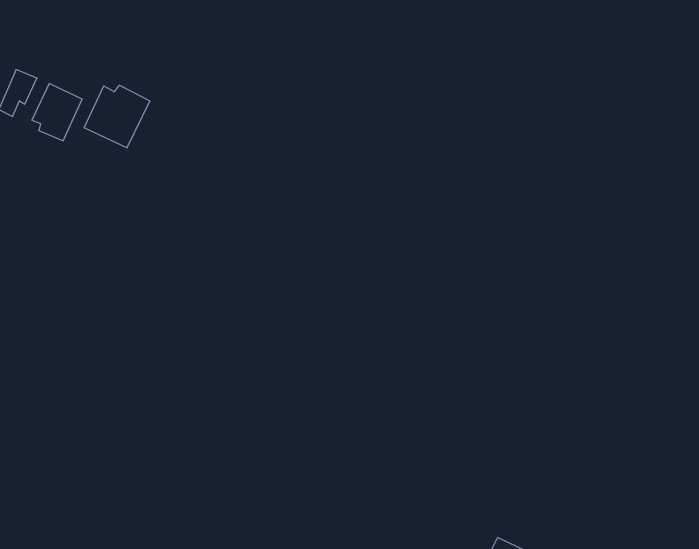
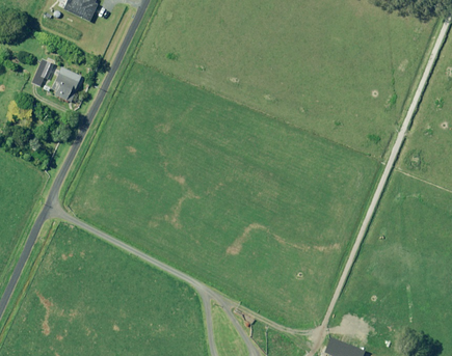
building: [84,85,150,148] -> none

